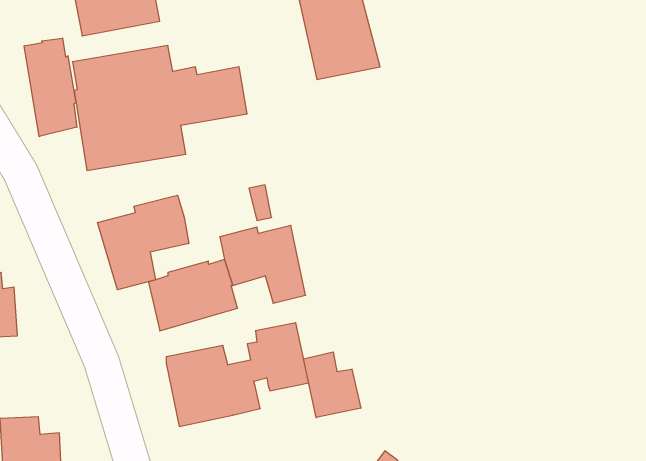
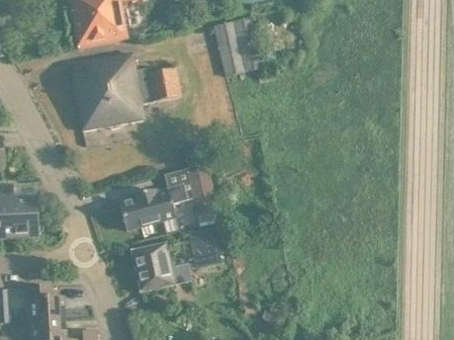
building: [24,38,77,137] -> none
building: [98,195,189,290] -> none
building: [304,352,361,418] -> none

